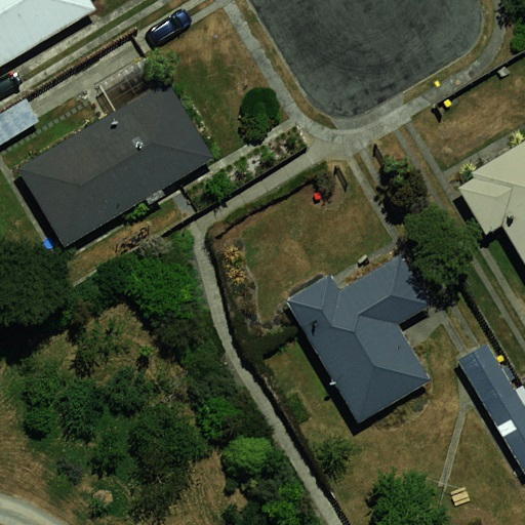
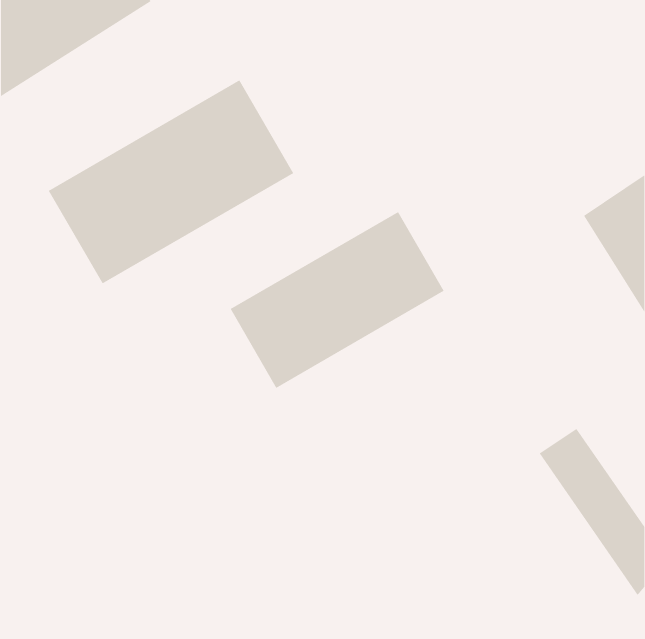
building: none -> [230,211,444,389]
building: [289,259,427,428] -> none

